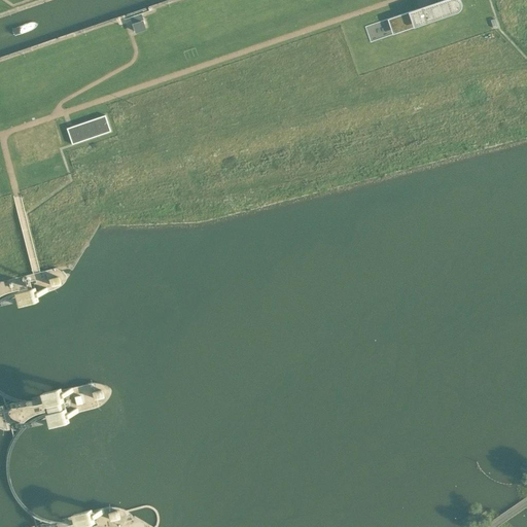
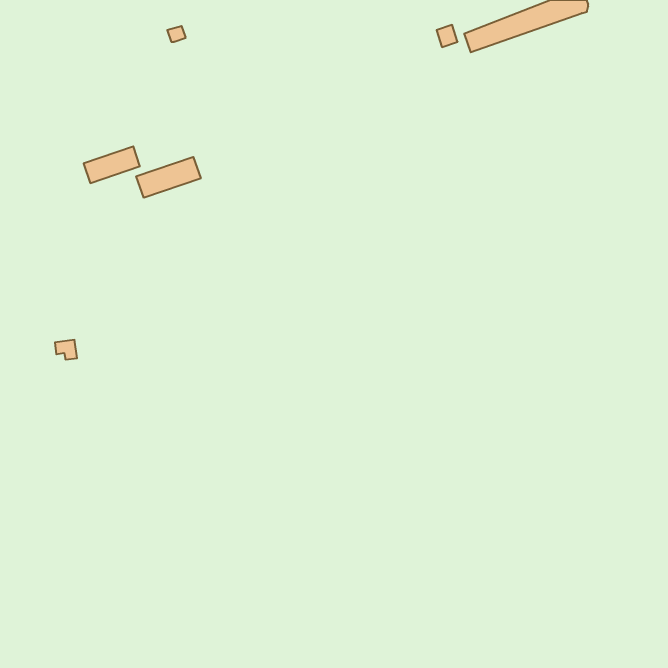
building: none -> [136,157,201,198]

